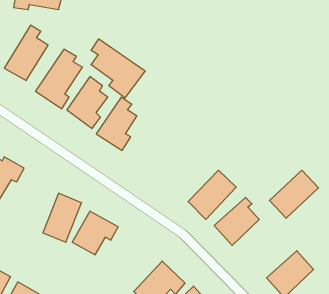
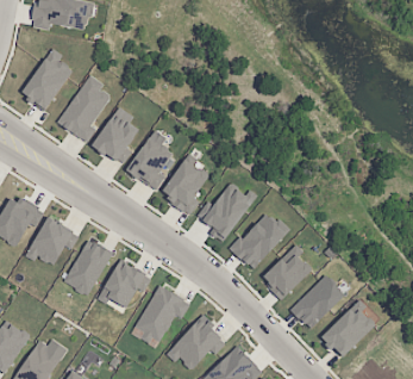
building: [91,39,145,98] -> none
building: none -> [161,159,209,215]
building: none -> [196,181,255,242]
building: [269,170,319,218] -> [289,274,345,329]
building: none -> [27,216,80,267]
building: none -> [134,285,190,343]

